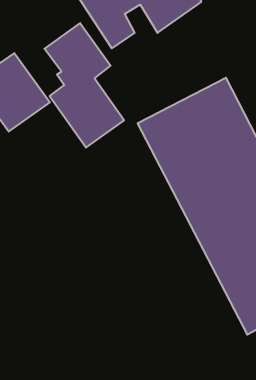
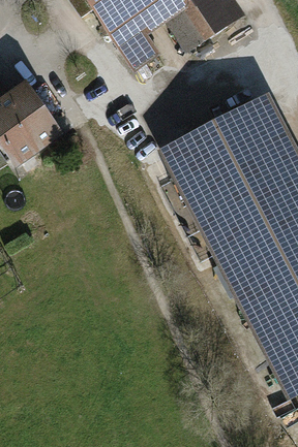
building: [44,23,124,148] -> none

